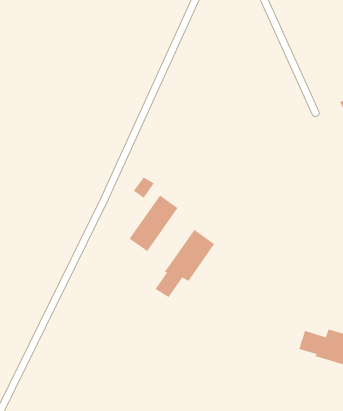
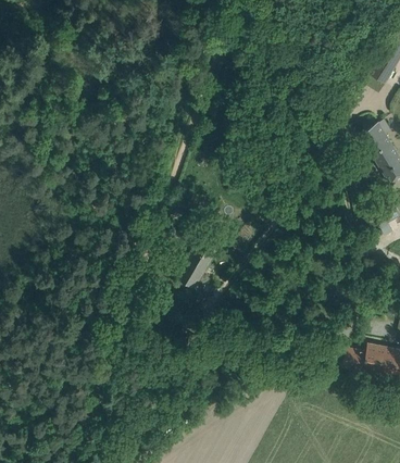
building: [154,229,215,298] -> none

